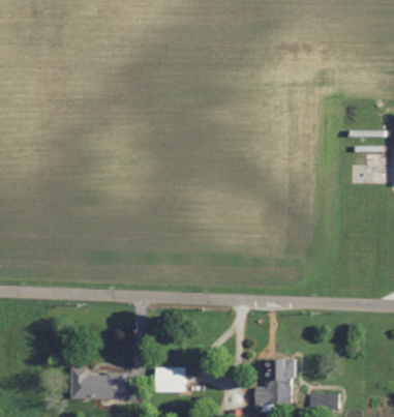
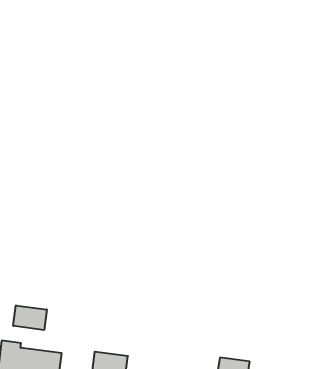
building: none -> [13,305,47,330]

